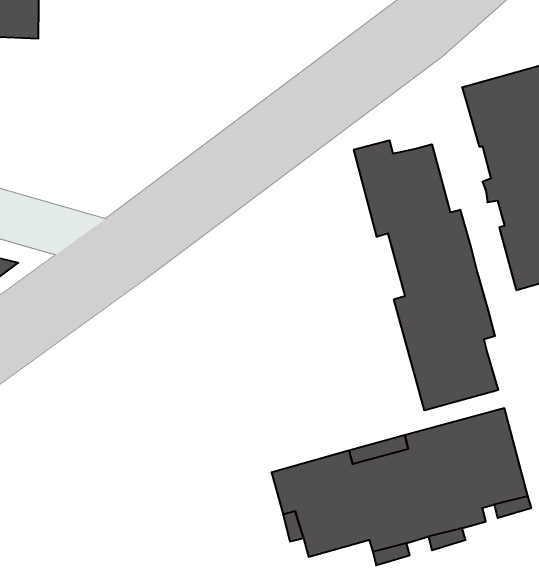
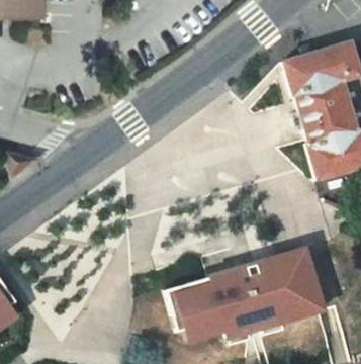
building: [354,140,498,410] -> none

